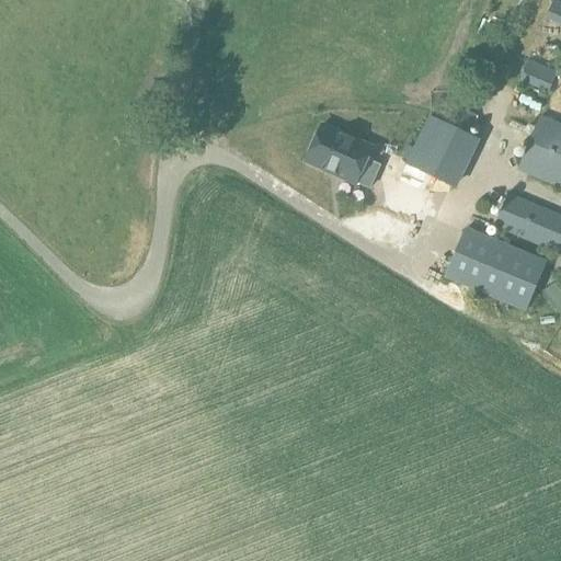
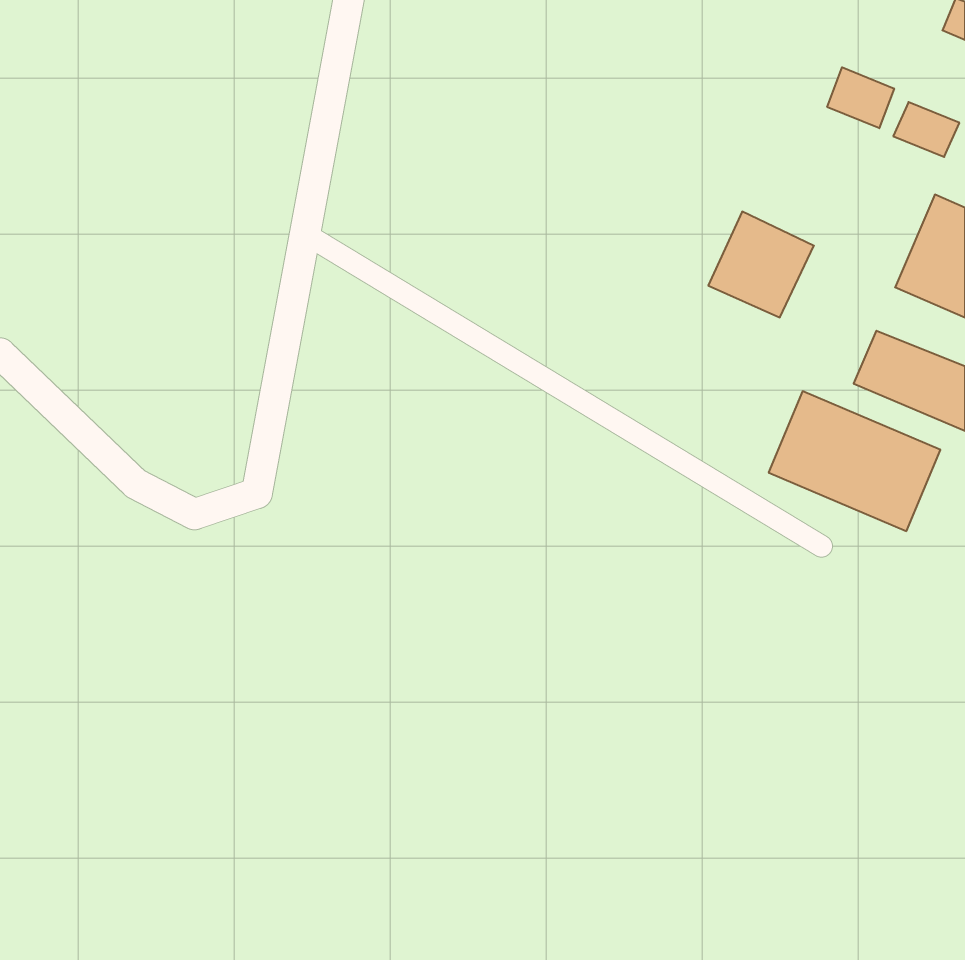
building: none -> [827,67,894,128]
building: [306,123,380,185] -> none

